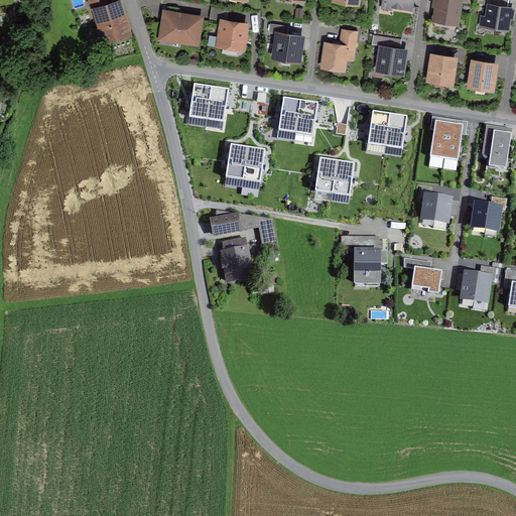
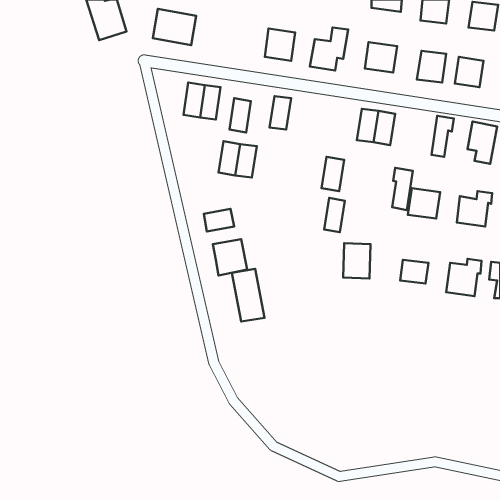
building: [216,17,247,50] -> none
building: [294,101,316,136] -> [229,98,251,133]
building: [428,116,449,159] -> [392,168,413,210]
building: [314,158,336,194] -> [324,198,345,232]
building: none -> [232,269,264,322]

